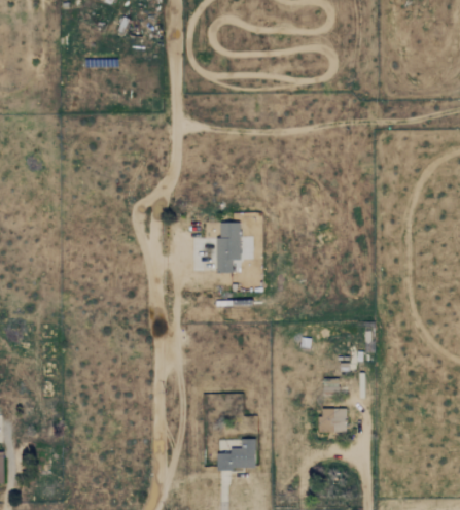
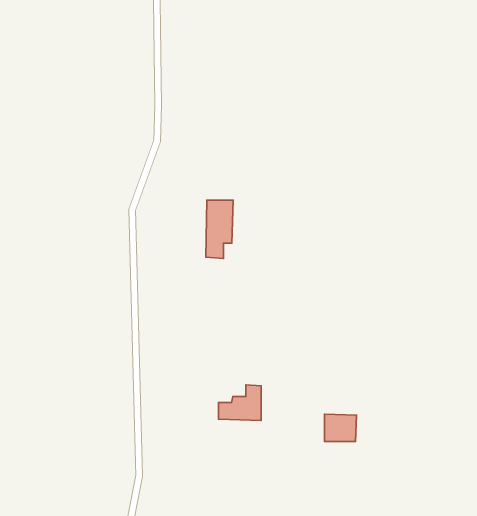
building: [218,438,255,469] -> [219,385,261,420]

